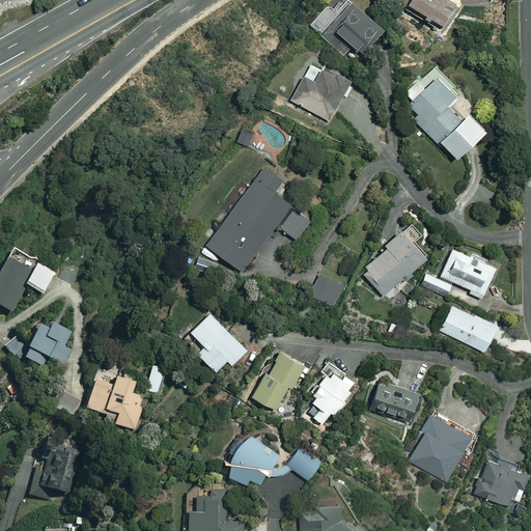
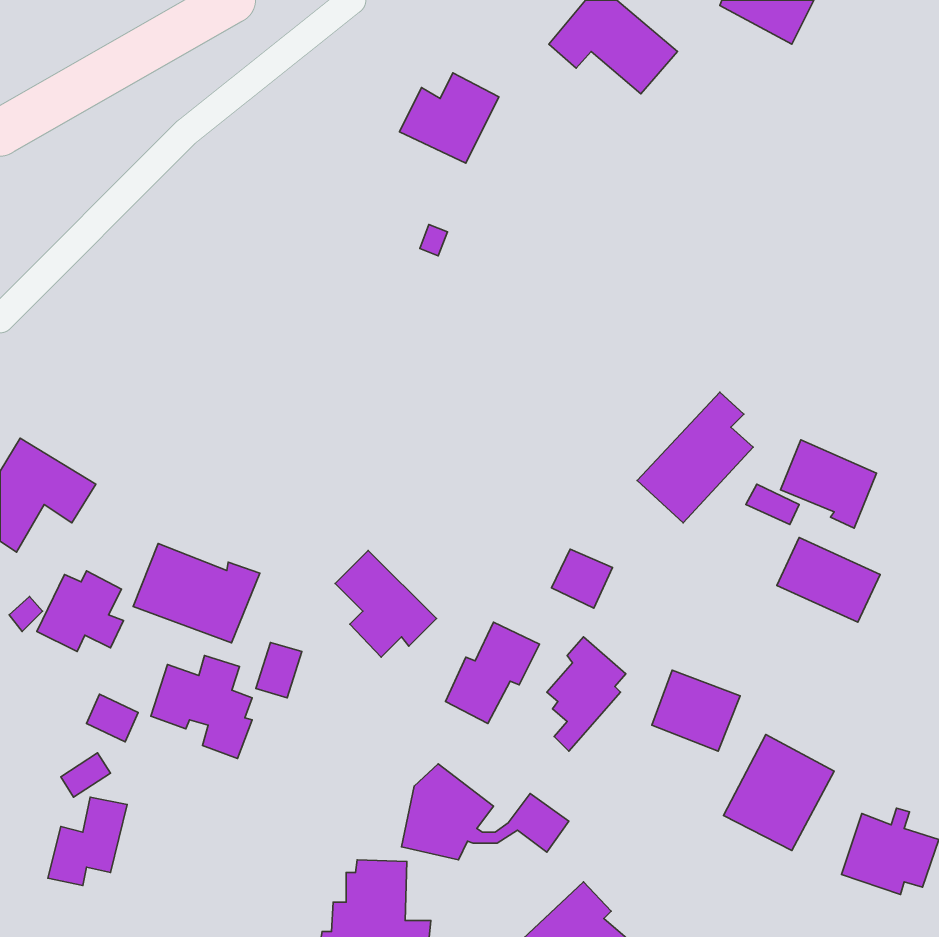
building: [291,69,347,120] -> [400,73,499,163]
building: [404,79,484,159] -> none
building: [206,168,311,273] -> none
building: [310,275,344,308] -> [552,549,612,608]
building: none -> [133,544,260,643]

